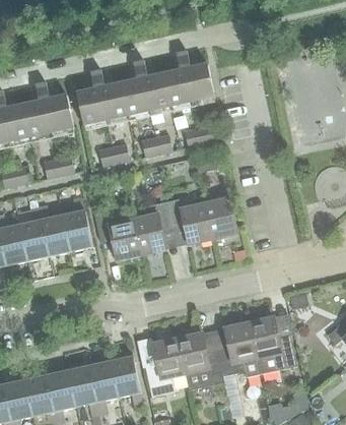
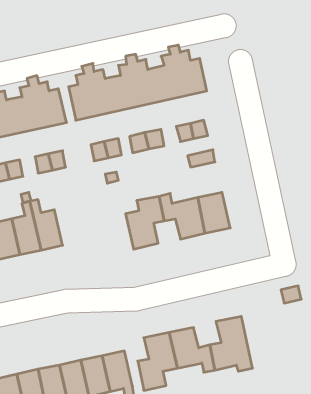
building: [62,197,92,250] -> none
building: [94,215,141,259] -> none
building: [249,316,295,373] -> none

